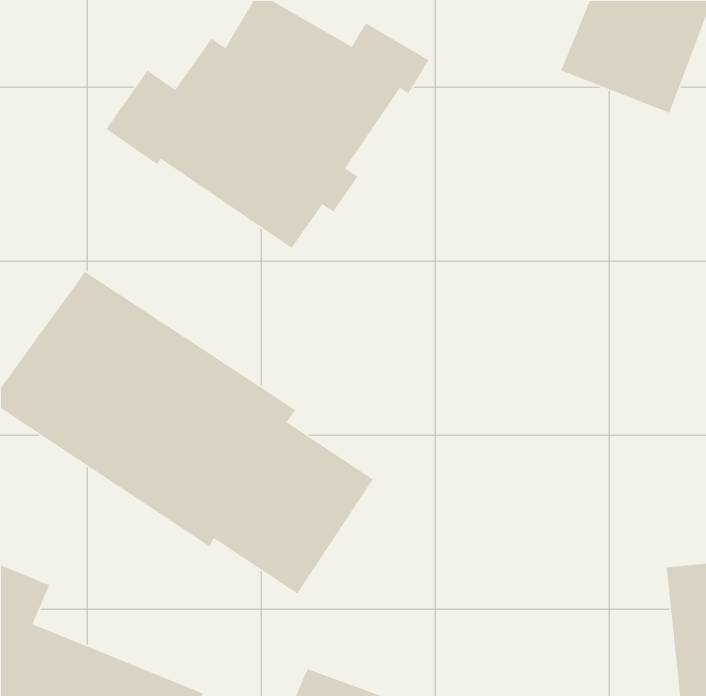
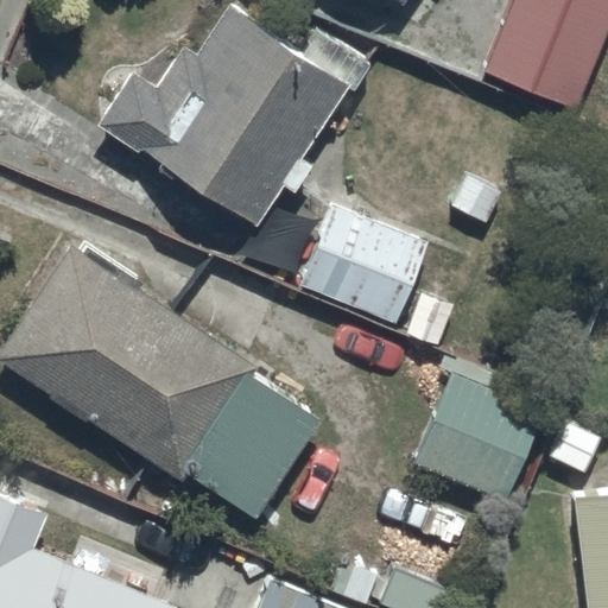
building: none -> [298,208,423,324]
building: none -> [412,373,545,504]

